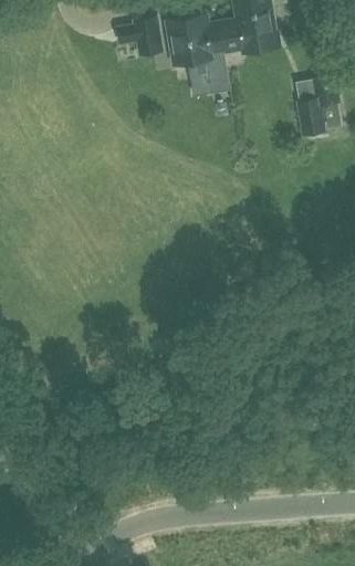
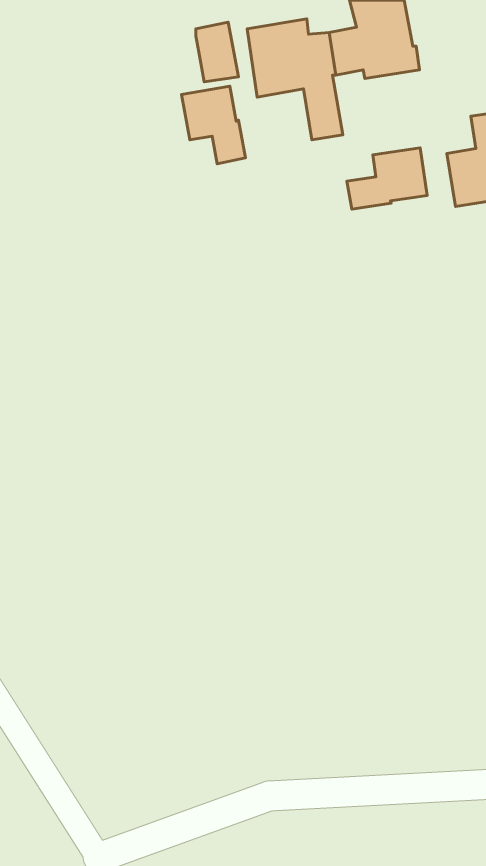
building: none -> [182,86,246,164]
building: none -> [347,148,427,209]

